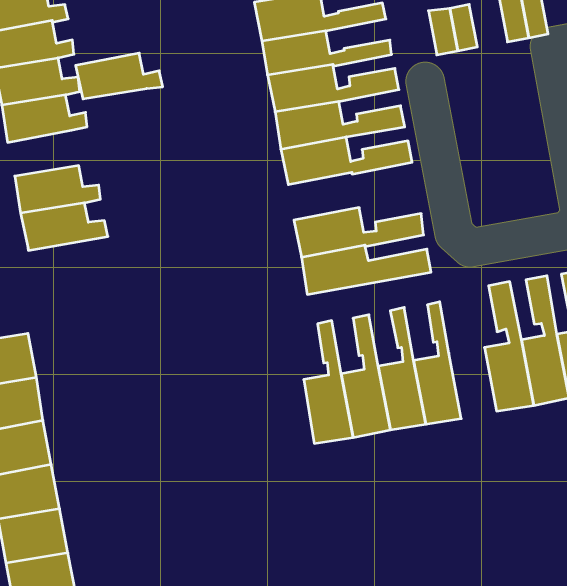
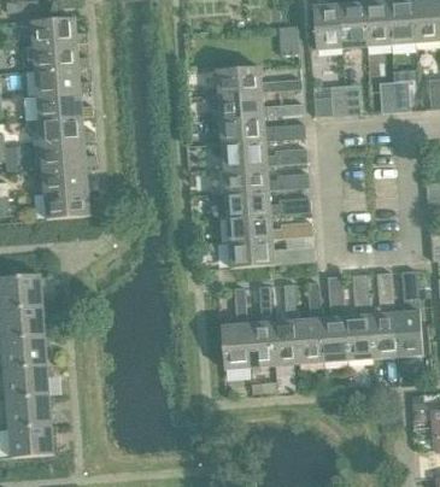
building: [76,53,163,99] -> [40,141,96,168]
building: none -> [224,189,310,217]
building: none -> [319,276,347,362]

